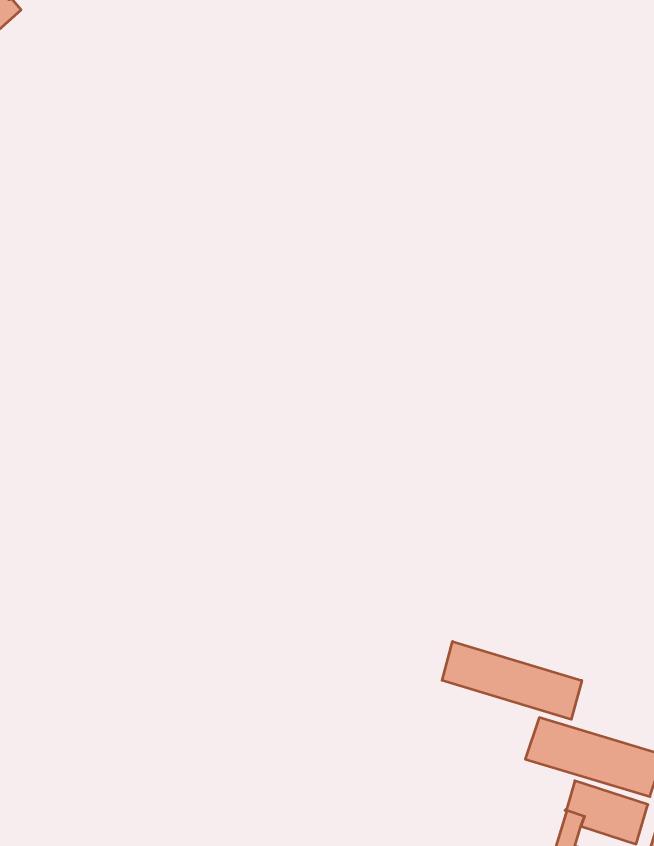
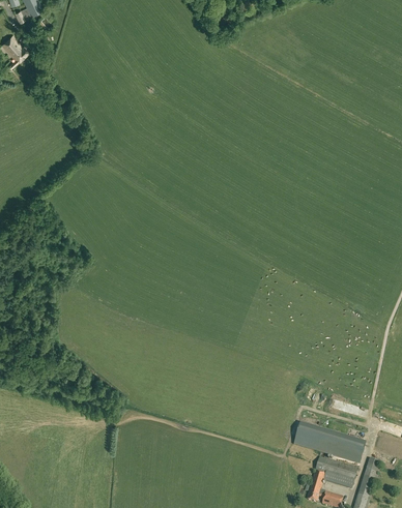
building: [442,641,582,719] -> none

